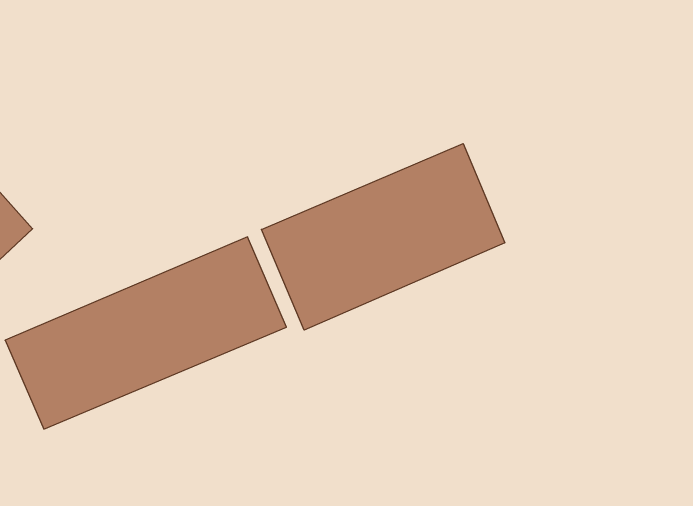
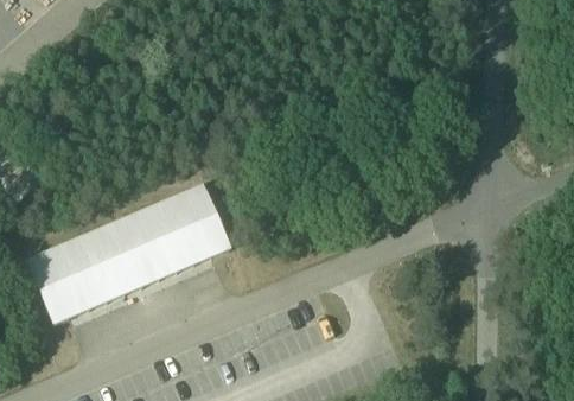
building: [261,144,505,330] -> none

